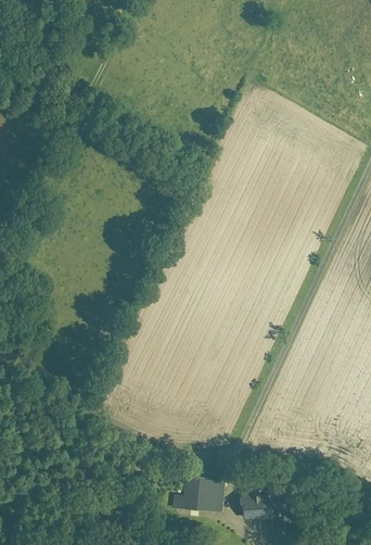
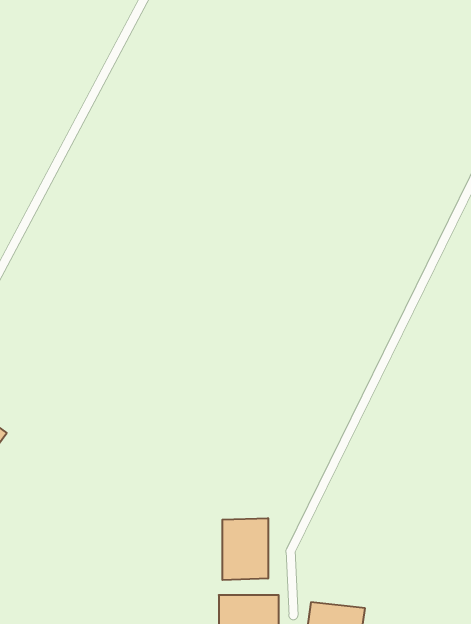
building: none -> [222,518,268,580]

